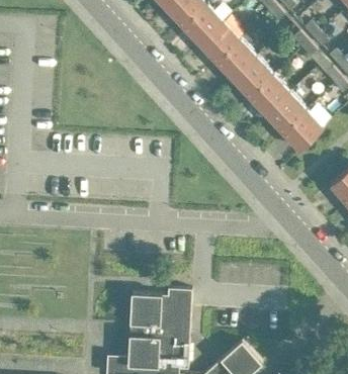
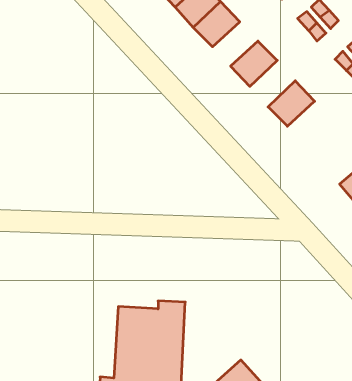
building: [215,40,256,80] -> none
building: [249,75,289,116] -> none
building: [282,111,324,152] -> none

